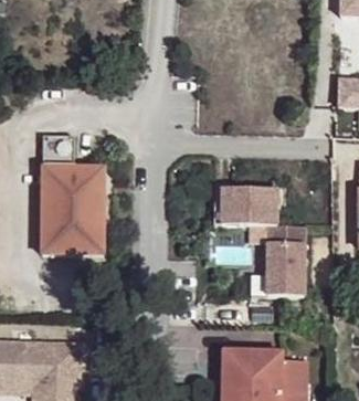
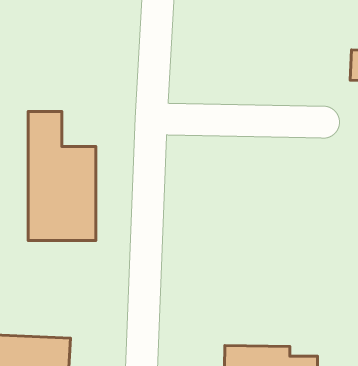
building: [220,188,304,294] -> none

